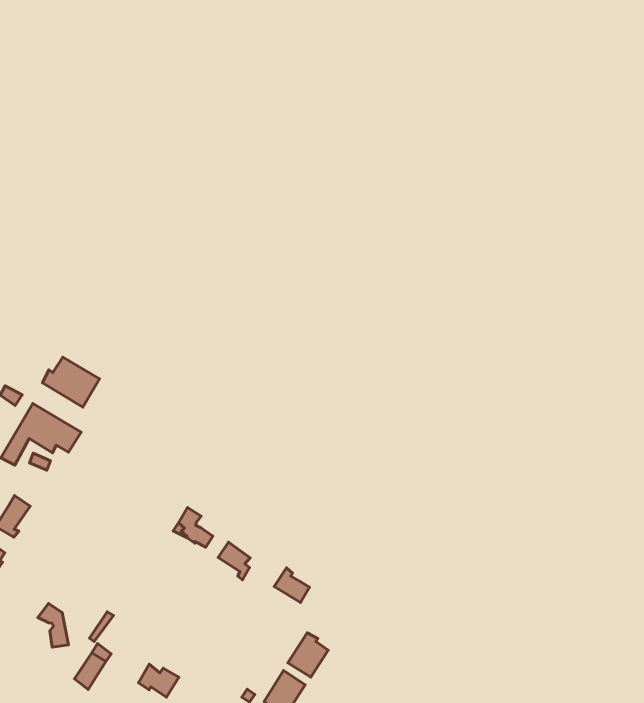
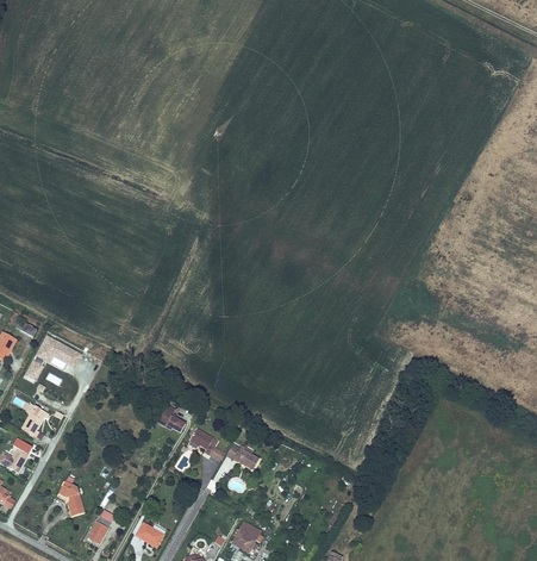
building: [43,357,99,407] -> none
building: [288,633,328,677] -> none

